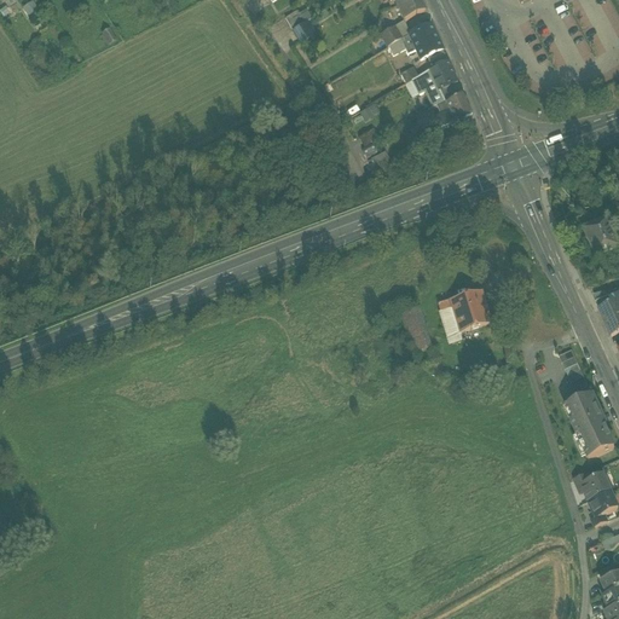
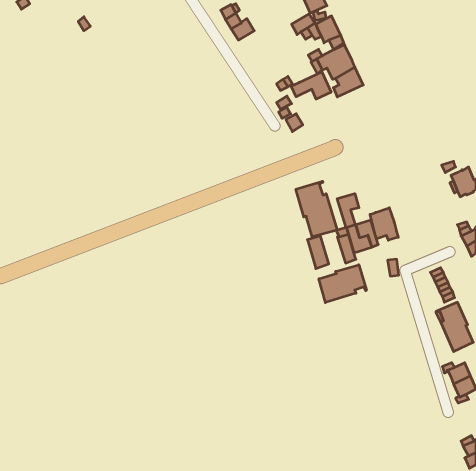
building: none -> [291,72,331,99]
building: none -> [296,181,337,237]
building: none -> [337,194,359,228]
building: none -> [370,208,398,240]
building: none -> [319,265,366,303]

